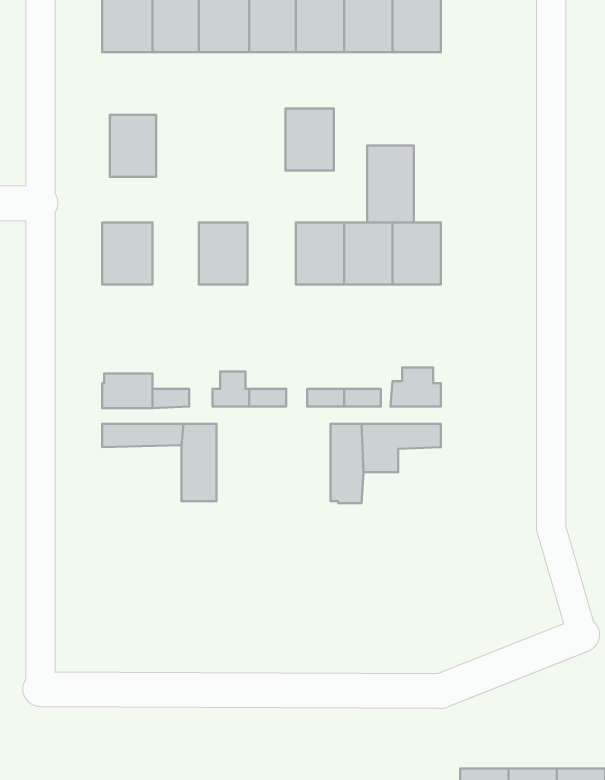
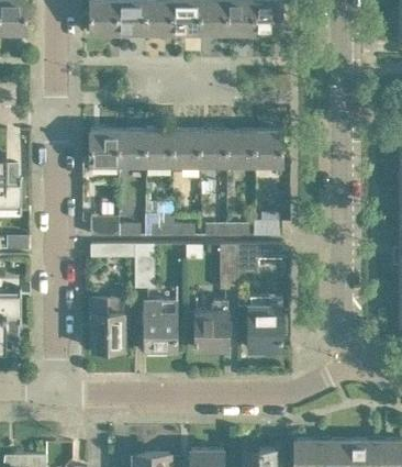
building: [285,109,334,171] -> [171,131,199,166]
building: [110,115,156,177] -> [118,131,144,166]
building: [367,145,414,222] -> none
building: none -> [90,298,123,351]
building: none -> [248,298,281,349]
building: none -> [193,300,227,349]
building: none -> [144,301,176,351]

